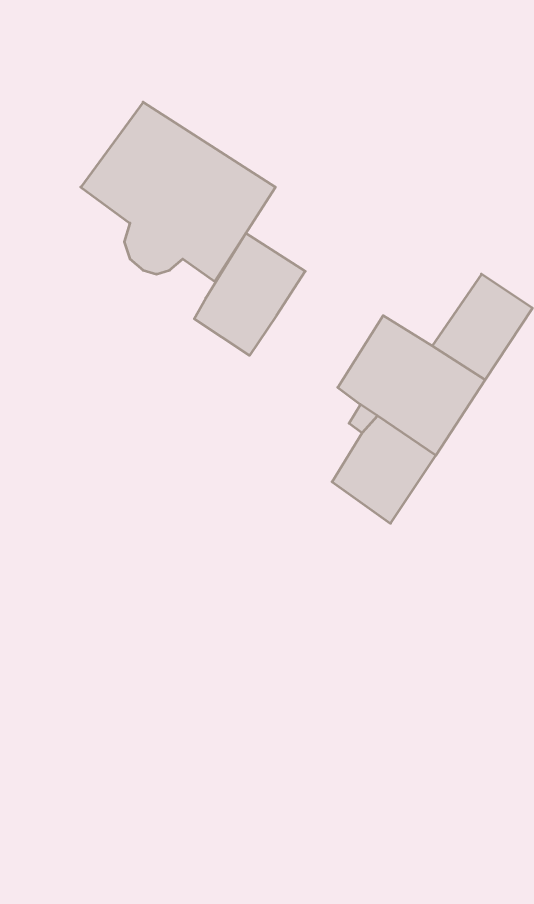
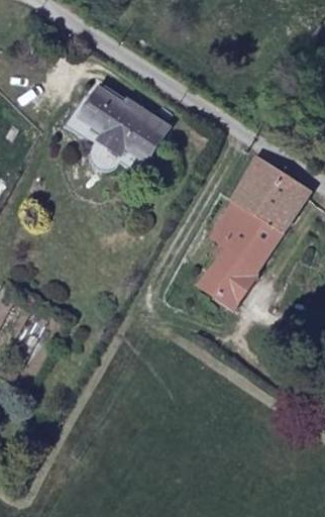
building: [194,233,305,355] -> none
building: none -> [229,154,282,212]

